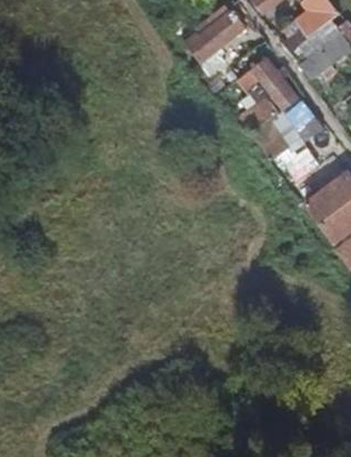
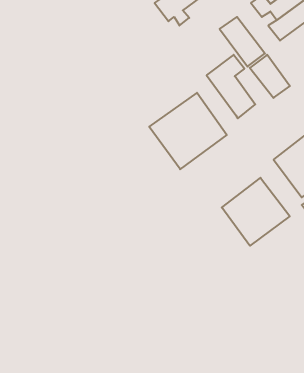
building: none -> [149,93,227,169]
building: none -> [222,178,290,246]

